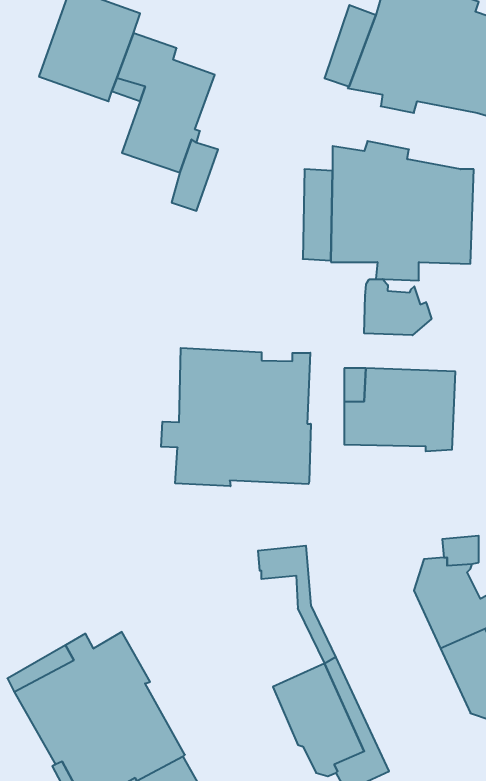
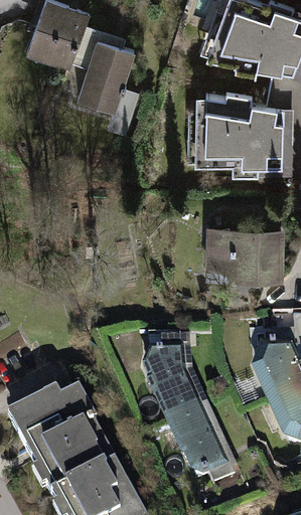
building: [364,279,431,335] -> none
building: [161,348,311,486] -> none
building: none -> [146,353,201,423]

